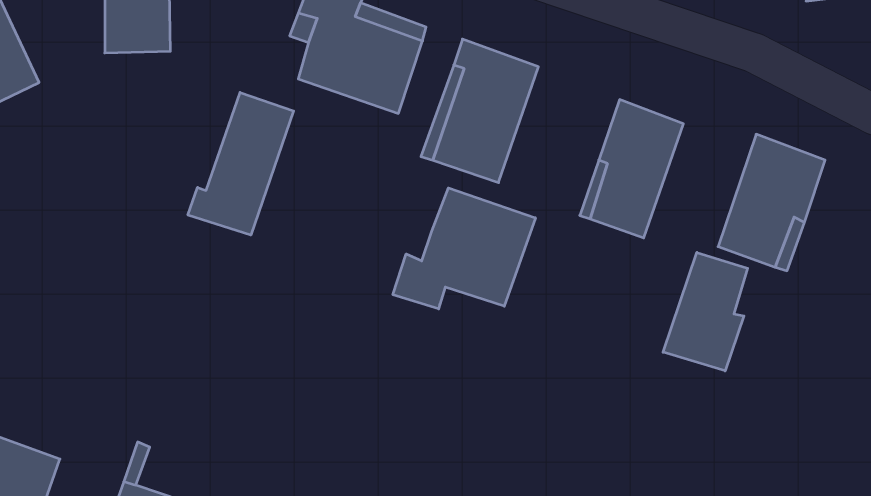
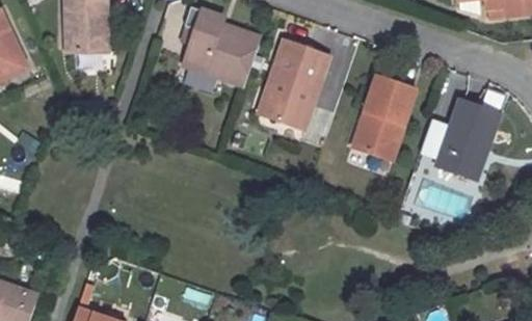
building: [188,92,294,235] -> none
building: [393,188,535,309] -> none
building: [663,252,748,371] -> none

